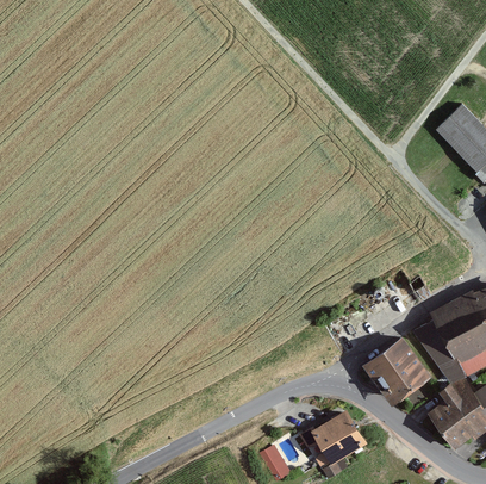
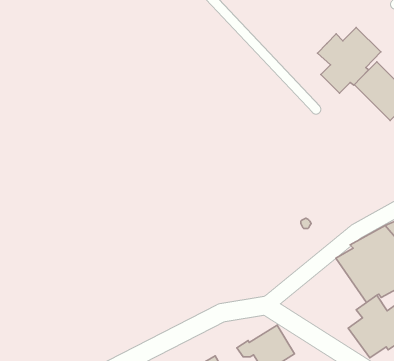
building: none -> [317,27,381,93]
building: [363,336,431,404] -> none

